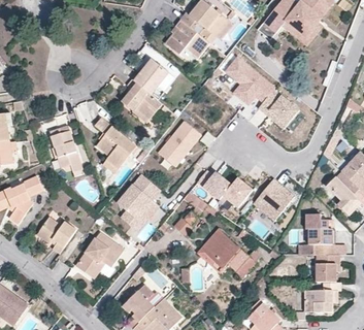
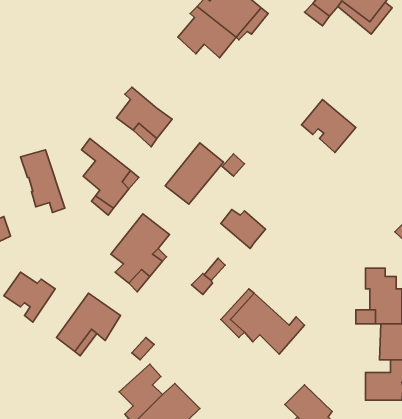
building: [226,57,274,103] -> none
building: [132,60,169,95] -> none
building: [223,176,253,207] -> none
building: [253,178,295,220] -> none

